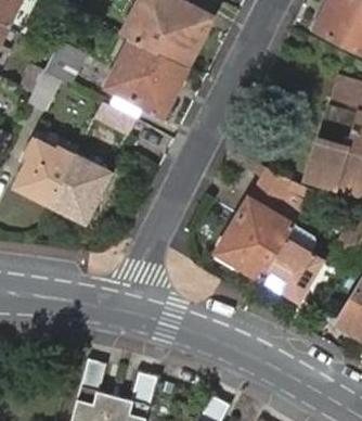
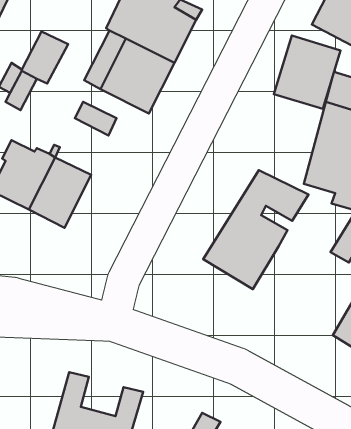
building: none -> [274,36,340,109]
building: [260,239,320,299] -> none

